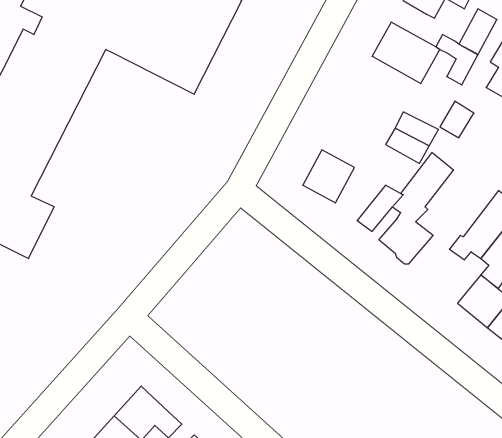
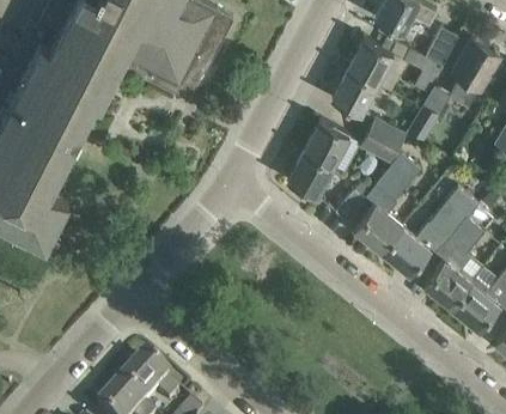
building: none -> [331,69,391,116]
building: none -> [304,121,349,168]
building: none -> [380,227,429,275]

